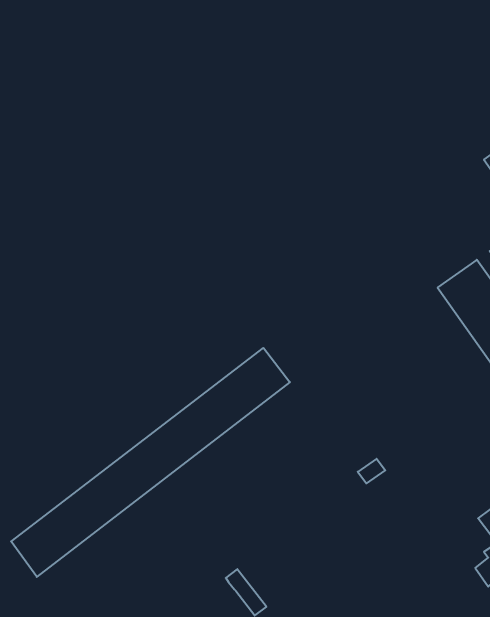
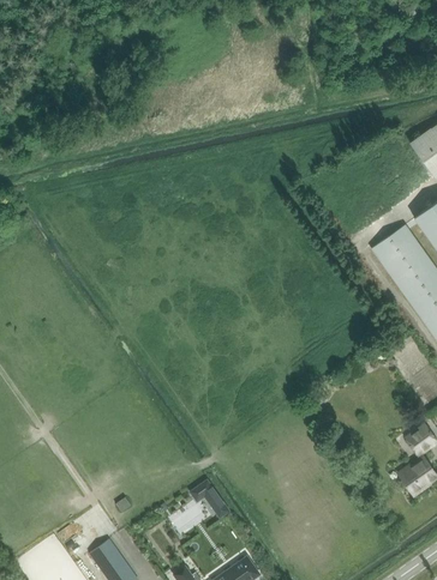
building: [11,348,290,577] -> none

